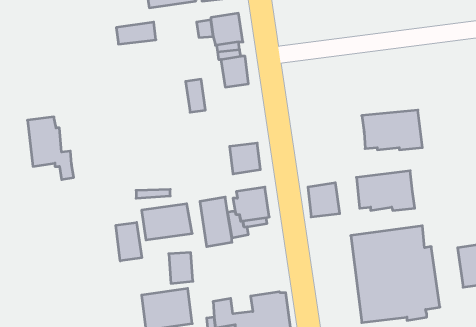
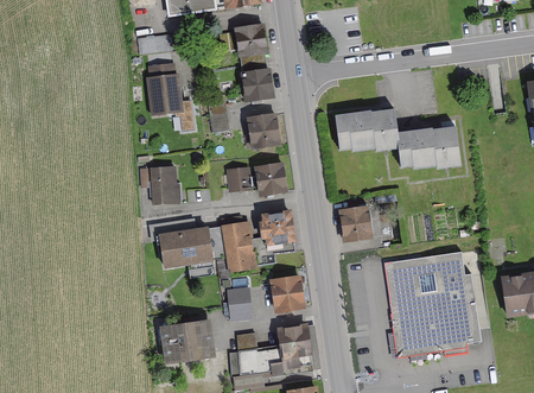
building: none -> [247,114,281,150]
building: [27,117,74,180] -> [145,62,195,129]
building: none -> [141,165,182,203]
building: none -> [225,165,252,190]
building: [356,171,415,210] -> [336,110,399,153]
building: [116,222,142,261] -> none
building: none -> [268,274,305,312]
building: [169,253,193,283] -> [227,286,253,319]

